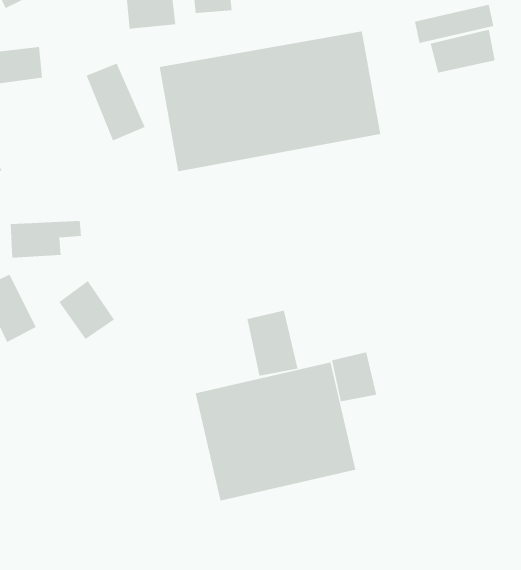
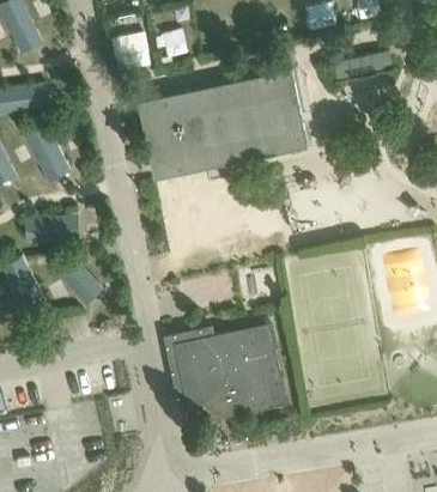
building: [86,63,145,141] -> [25,123,71,183]
building: [247,310,298,377] -> none
building: [331,352,377,402] -> none

